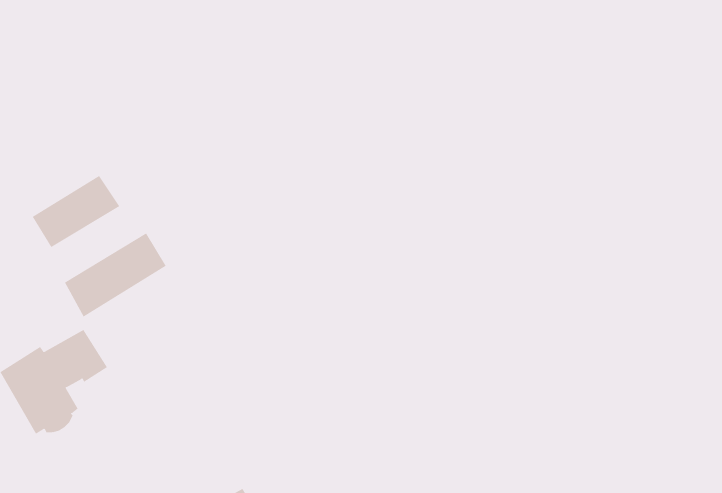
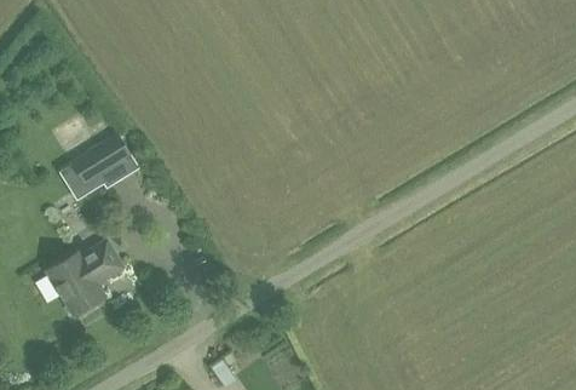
building: [64,233,167,317] -> none

